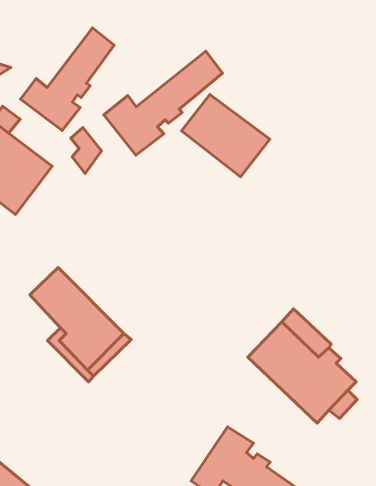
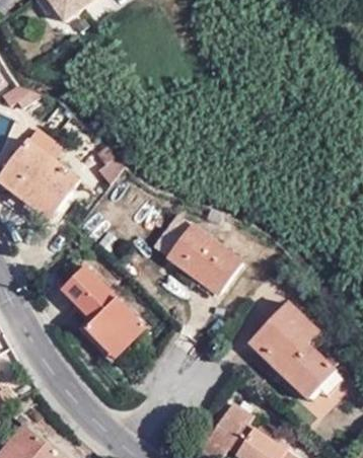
building: [21,28,114,131] -> none
building: [104,51,222,155] -> none
building: [181,94,270,177] -> [166,223,242,294]

